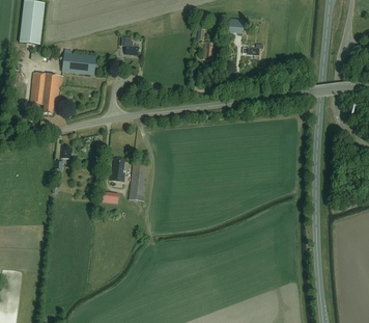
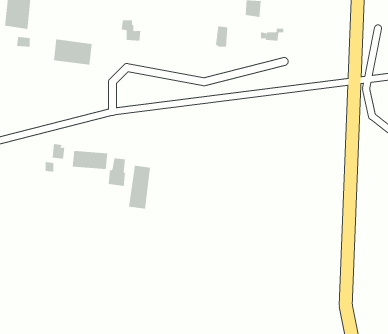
building: [30,72,64,113] -> none
building: none -> [72,150,108,170]

